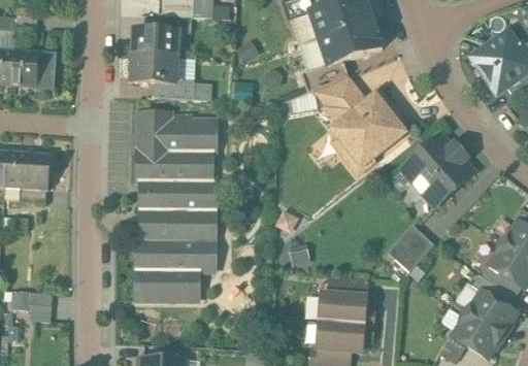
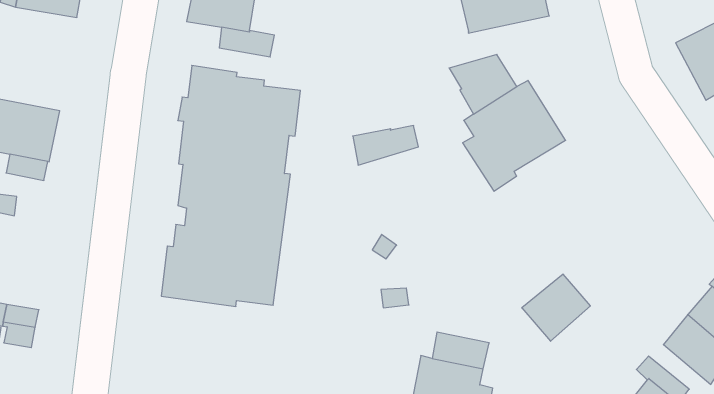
building: [301,61,348,93] -> [353,126,418,165]
building: [403,135,472,205] -> none
building: [136,270,198,299] -> none

